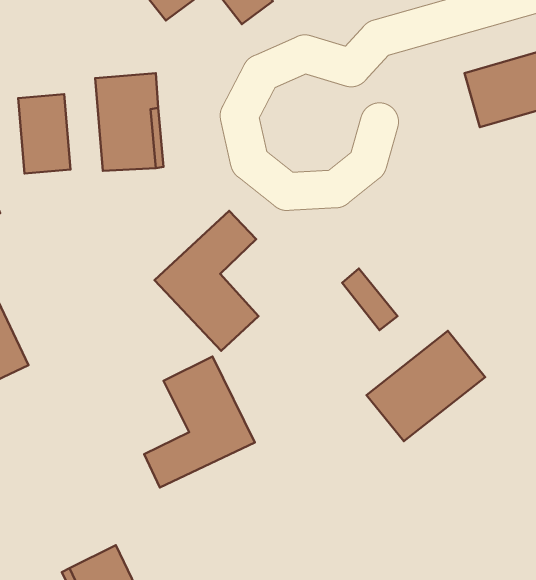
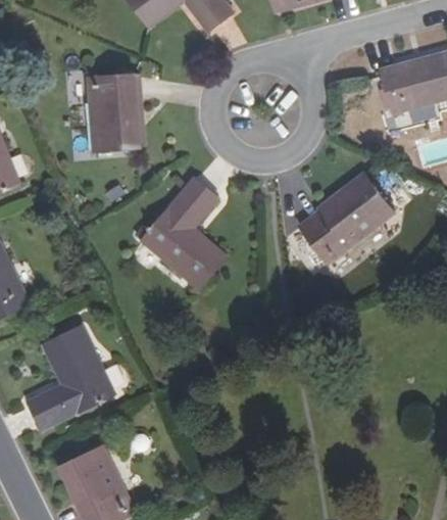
building: [18,94,71,173] -> none
building: [367,331,485,441] -> [302,173,396,261]
building: [144,356,255,488] -> [28,325,115,429]

